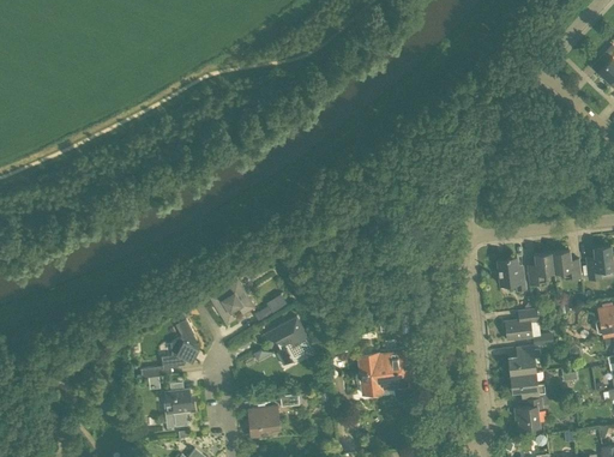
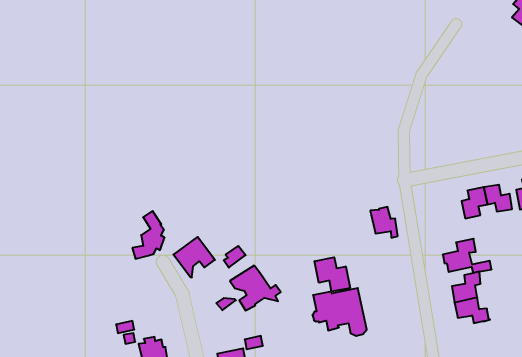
building: [496,257,524,290] -> [370,207,398,238]
building: none -> [315,257,350,291]
building: [161,318,197,368] -> [132,211,165,259]
building: [514,396,548,428] -> none

